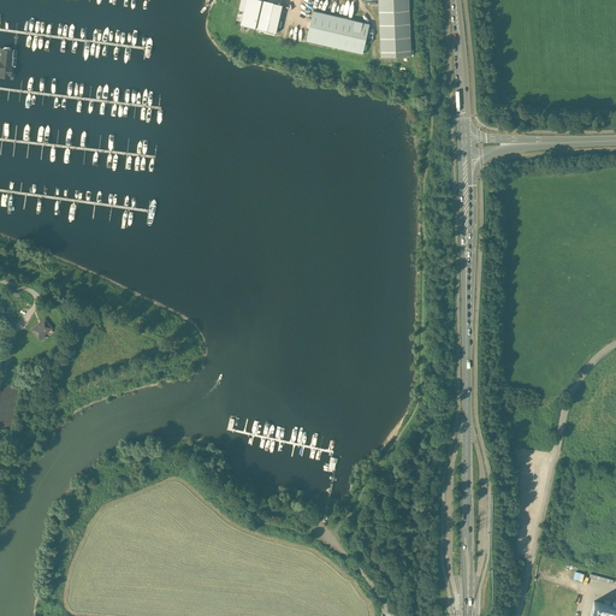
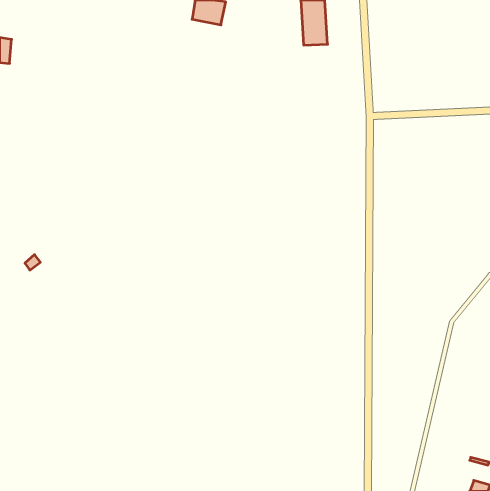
building: [306,11,368,53] -> none

